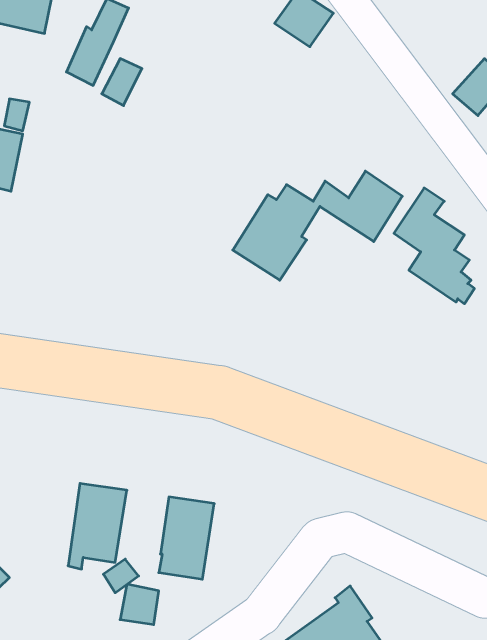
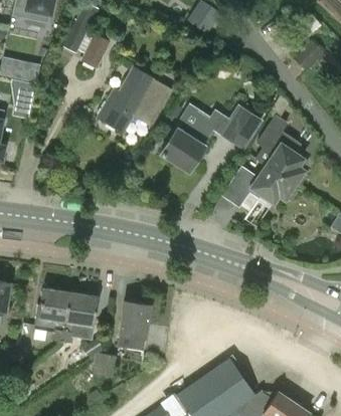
building: none -> [98,66,172,132]
building: none -> [224,165,297,205]
building: none -> [33,288,69,342]

